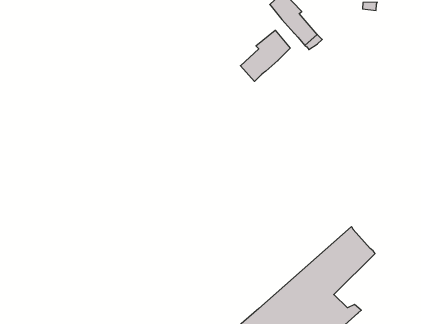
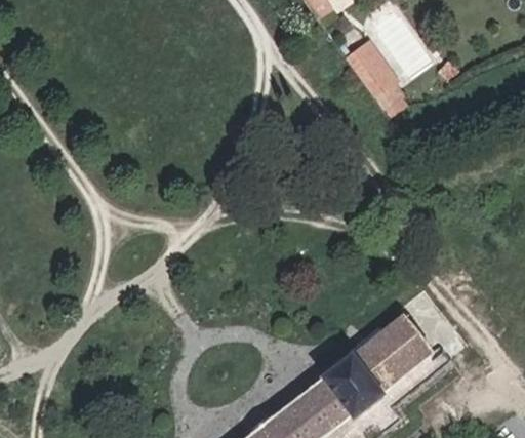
building: [240,30,290,81] -> none

